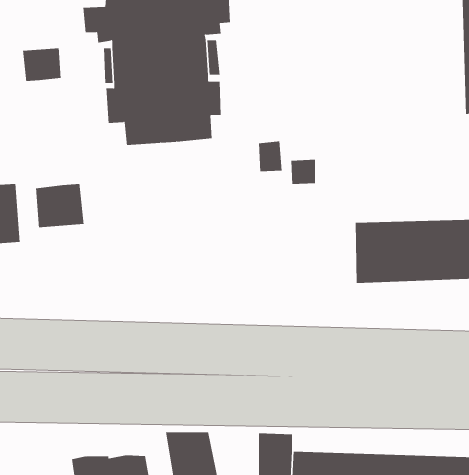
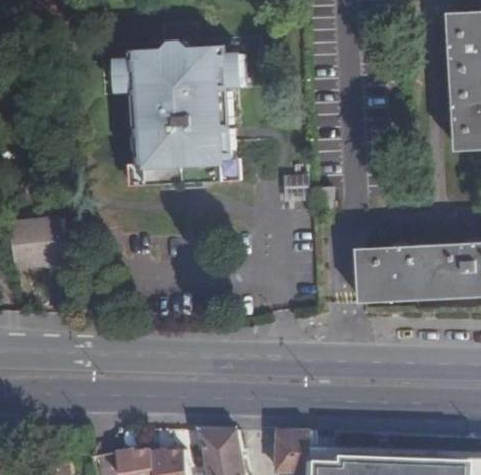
building: [23,48,61,82] -> none
building: [35,183,84,228] -> none

